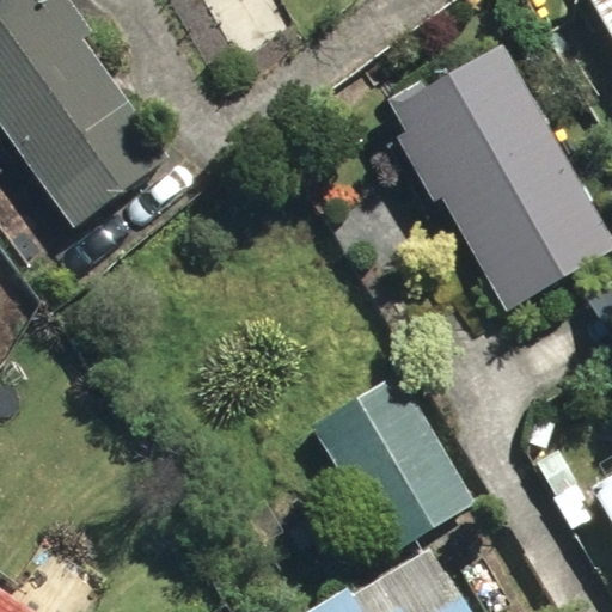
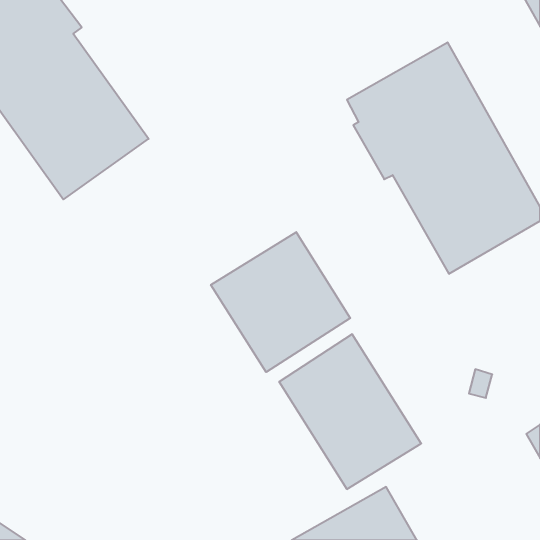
building: none -> [211,232,350,372]

